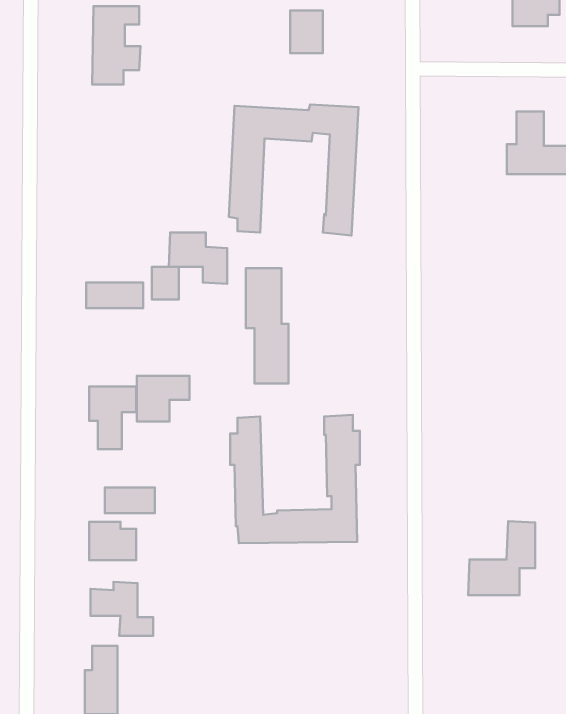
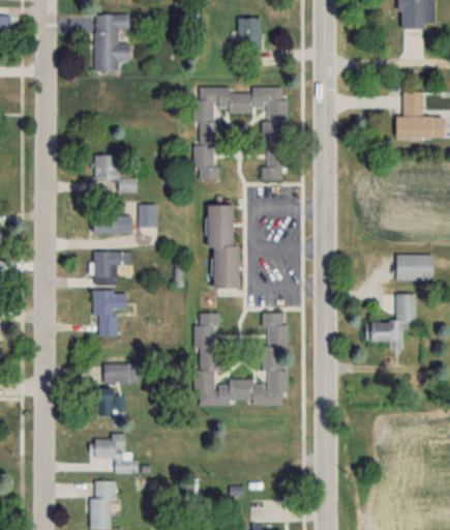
building: [169,233,227,284] -> [93,155,136,193]
building: none -> [396,254,433,279]
building: [137,376,189,421] -> [93,252,131,285]
building: [468,521,535,595] -> [367,293,416,347]

